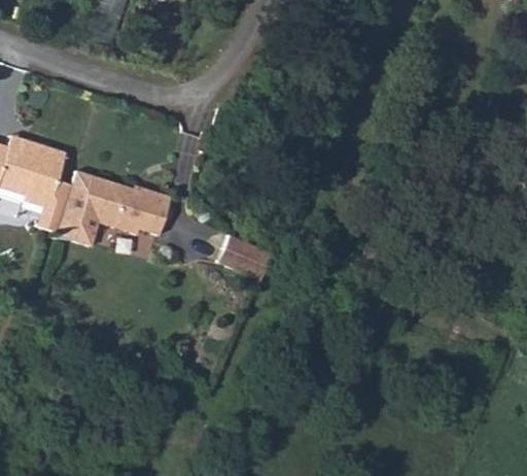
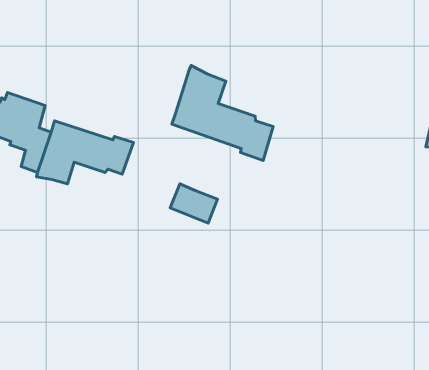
building: none -> [172,66,273,160]

